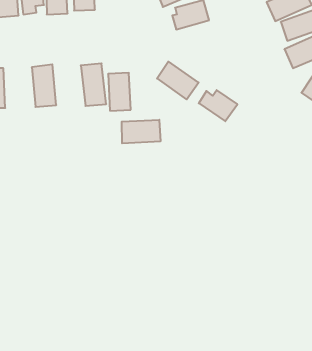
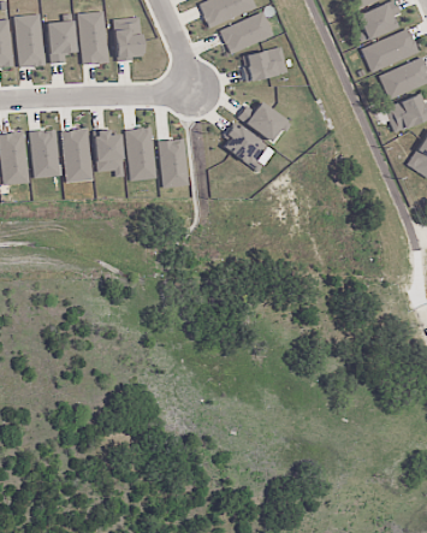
building: none -> [29,129,61,178]
building: none -> [94,129,123,173]
building: [199,90,237,121] -> [237,101,286,141]
building: [122,120,160,143] -> none

